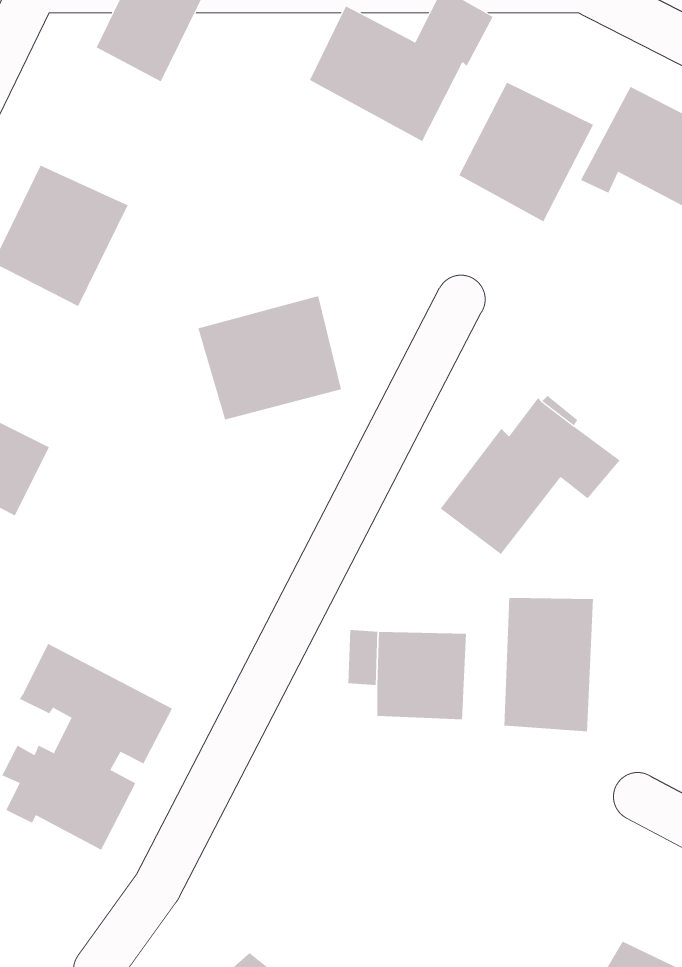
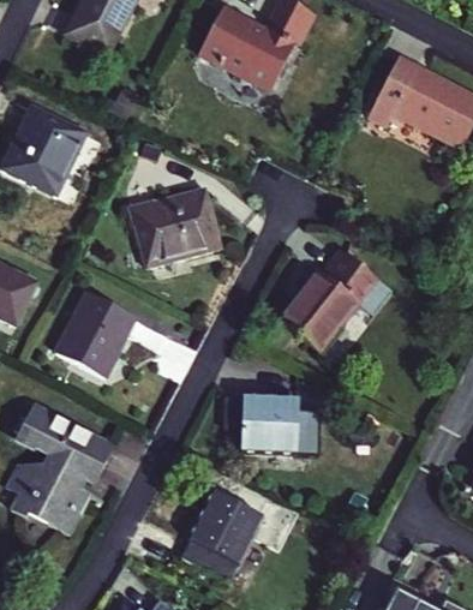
building: [459,82,594,222] -> none
building: none -> [55,292,136,377]
building: [504,597,593,732] -> none
building: none -> [181,491,277,581]

